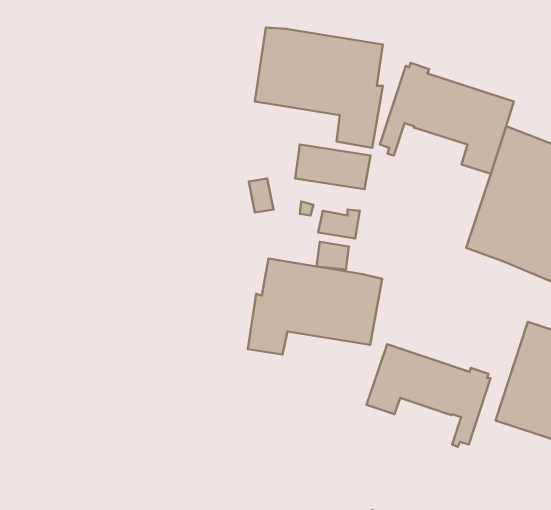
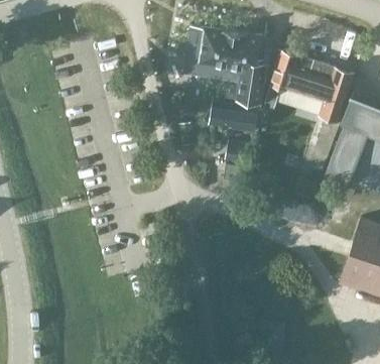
building: [248,258,382,355] -> none
building: [367,344,490,447] -> none

